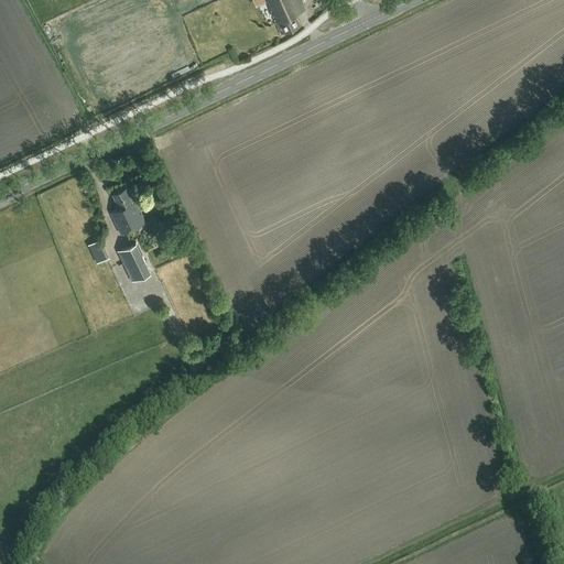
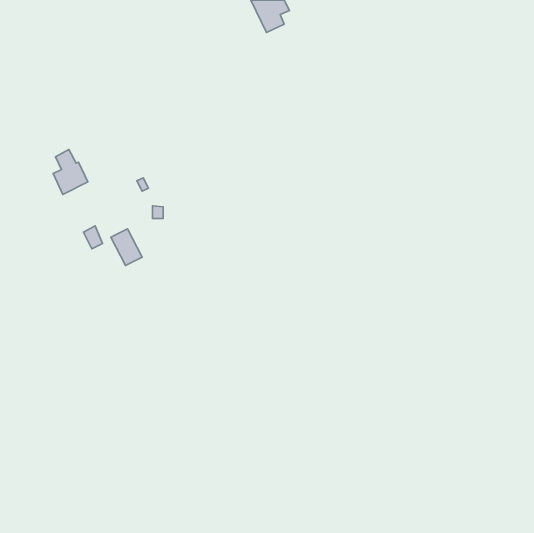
building: [110,187,147,235] -> [53,150,88,194]

